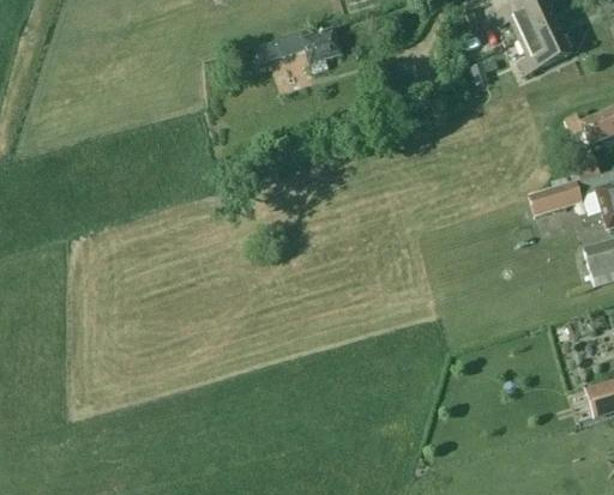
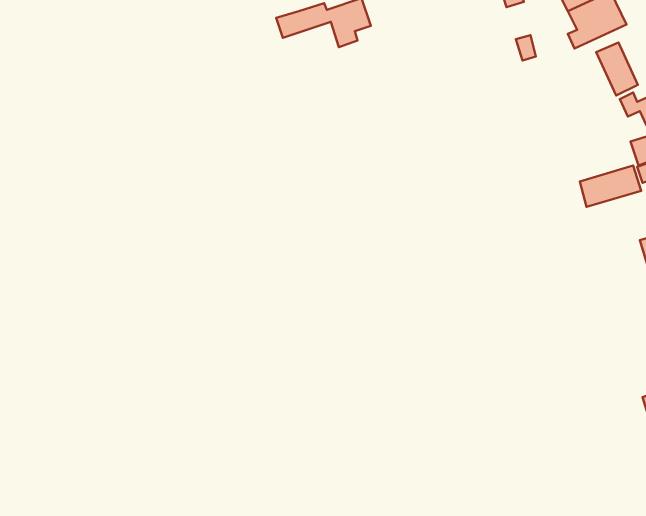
building: none -> [596,42,638,96]

